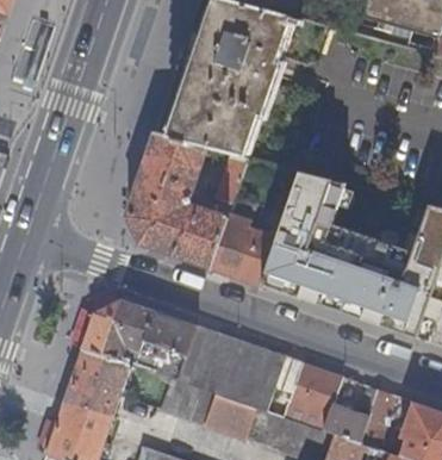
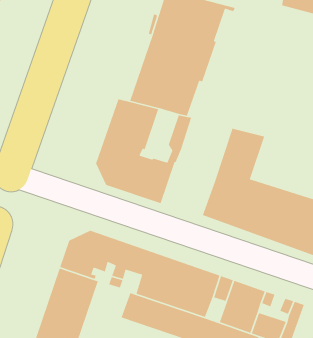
building: [210,197,276,284] -> none

